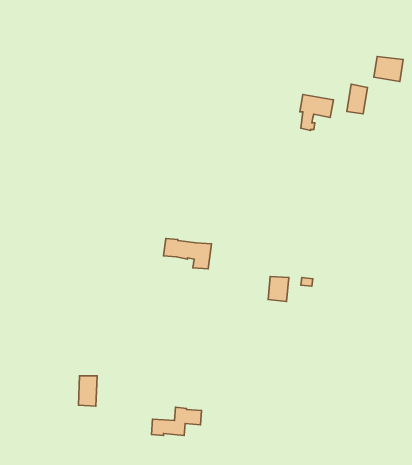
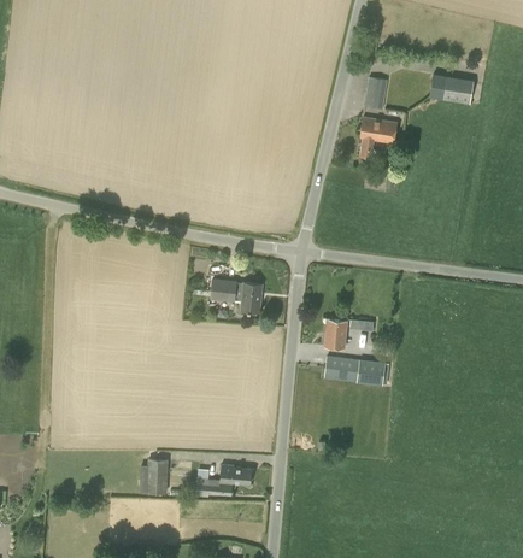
building: [347,84,368,114] -> [364,76,387,108]
building: none -> [324,356,384,384]
building: [79,376,97,406] -> [147,458,168,492]

